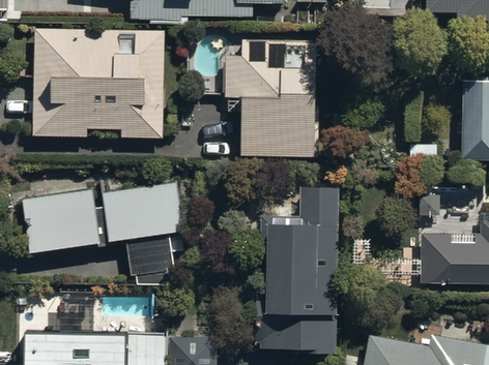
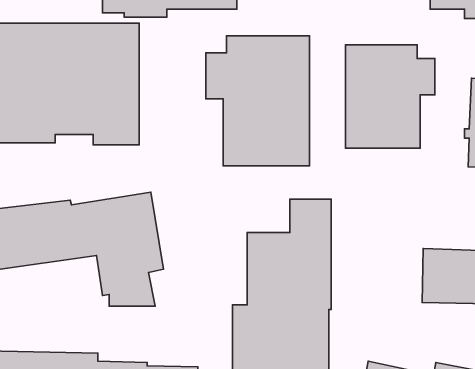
building: none -> [345,45,435,148]

